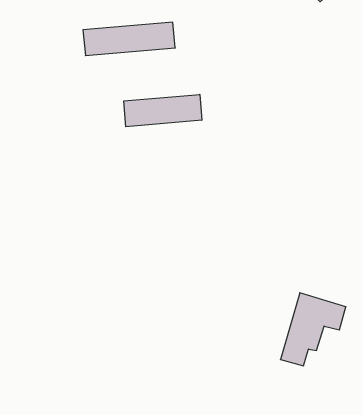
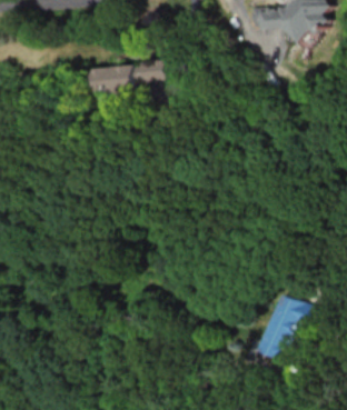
building: [124,94,202,127] -> none

